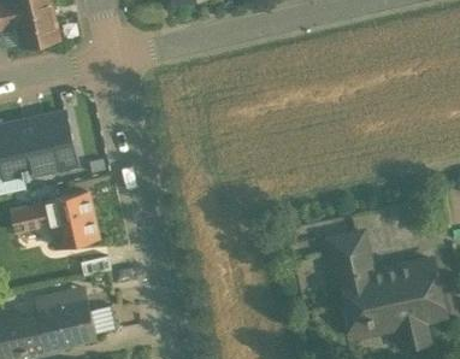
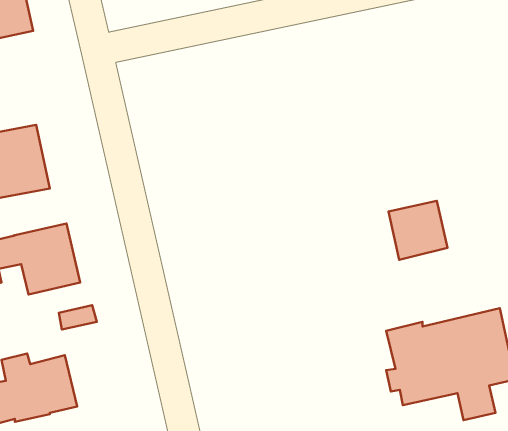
building: [324,234,371,281] -> [388,201,448,260]

